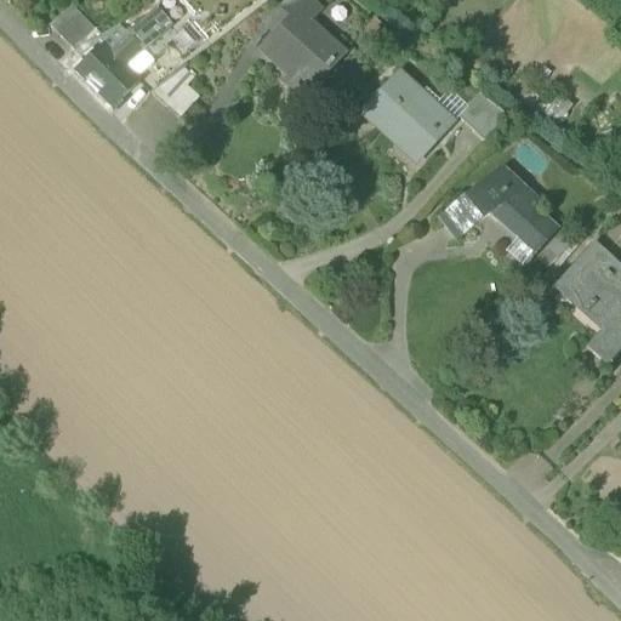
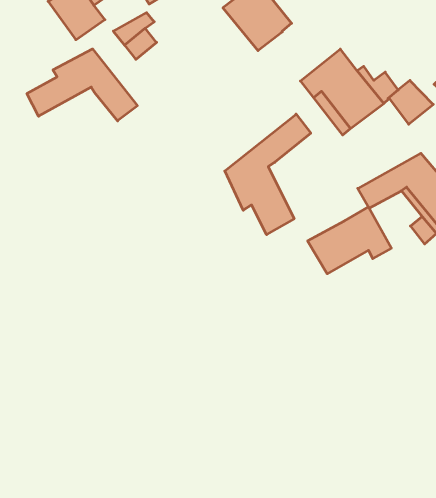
building: none -> [27,49,137,121]
building: none -> [225,114,311,235]
building: none -> [308,207,391,274]

